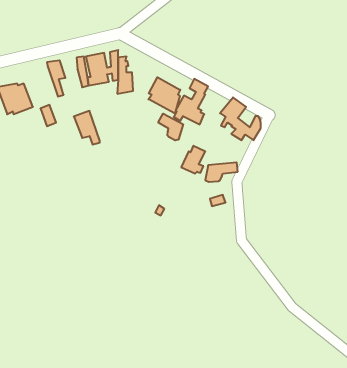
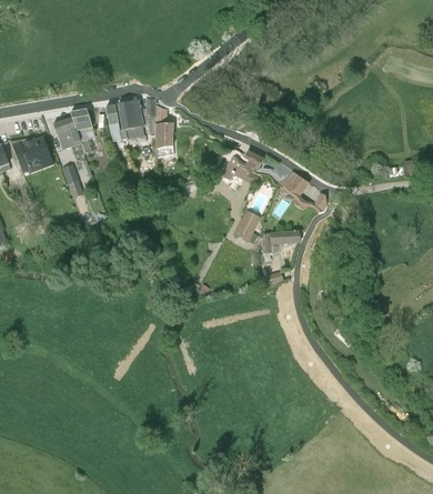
building: [148,77,180,113] -> none
building: [74,111,100,144] -> [52,117,83,157]
building: [158,114,183,140] -> none

